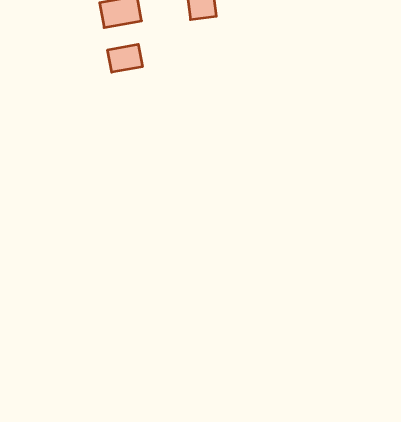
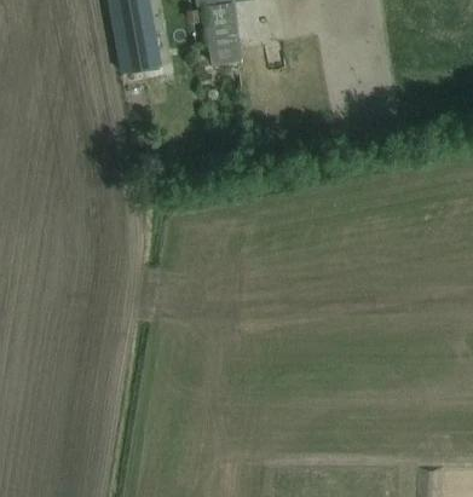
building: [108,44,142,72] -> none

